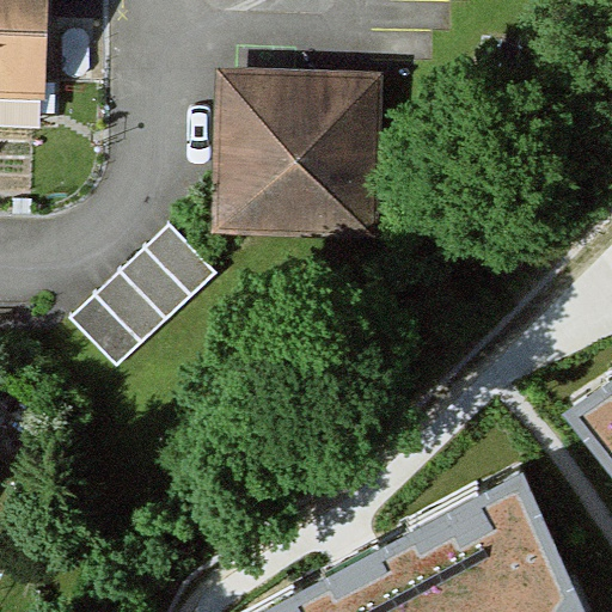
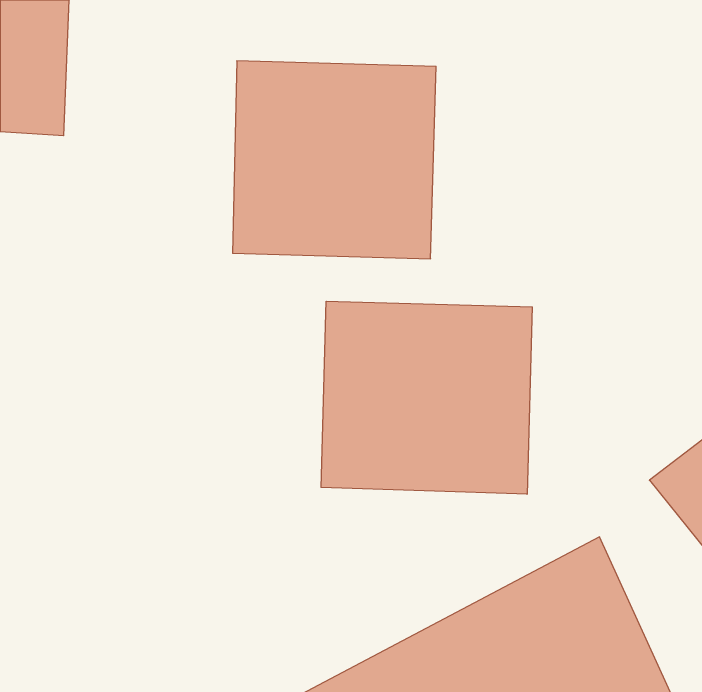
building: [67,227,215,372] -> none
building: none -> [321,301,532,494]

